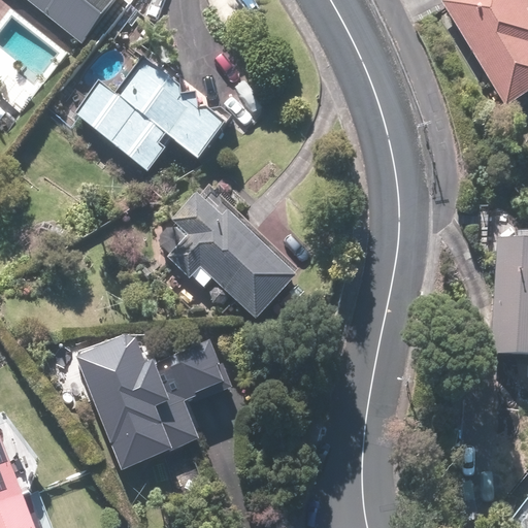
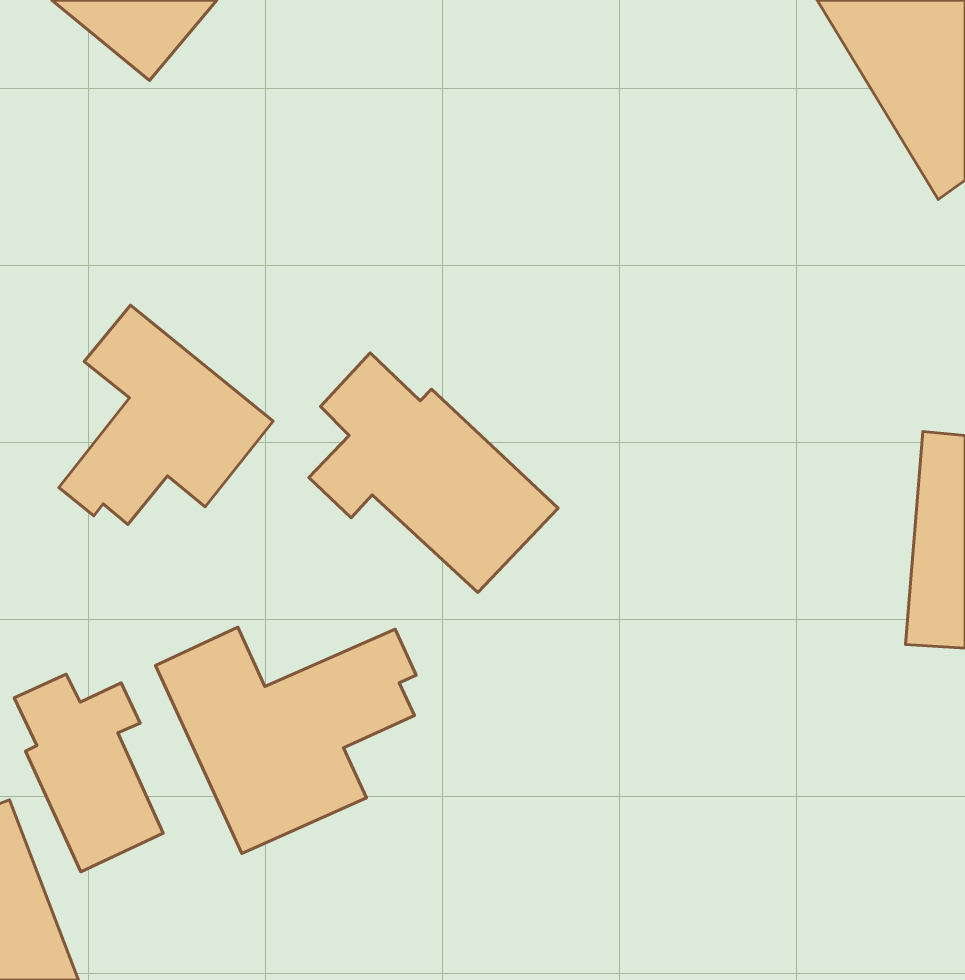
building: [76,56,230,172] -> none
building: none -> [59,305,273,524]
building: none -> [14,674,163,872]

